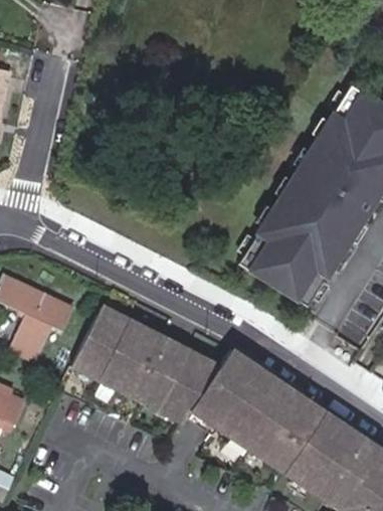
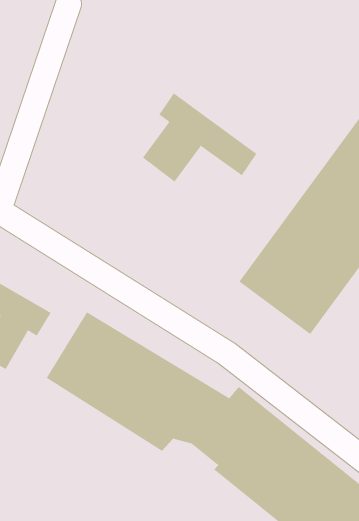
building: none -> [142,92,257,182]

